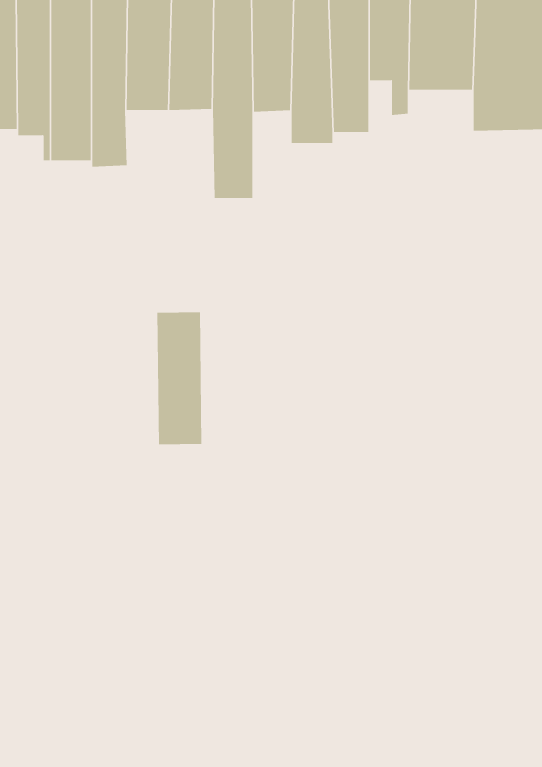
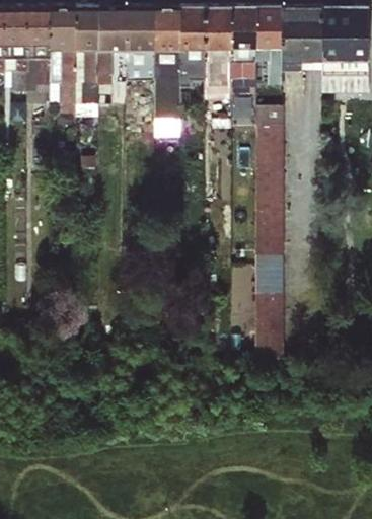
building: none -> [254,102,288,358]
building: [157,312,202,445] -> none

